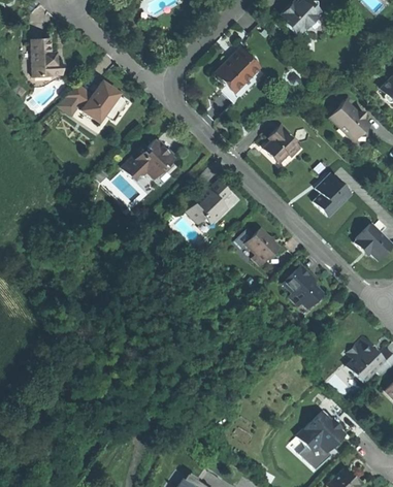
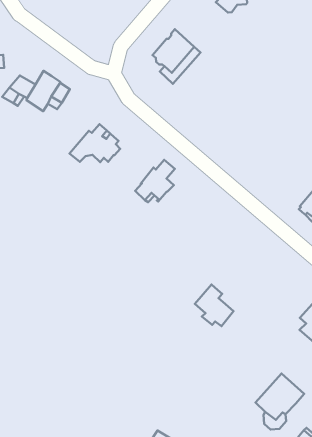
building: [329,100,366,136] -> none
building: [264,124,300,162] -> none
building: [314,173,351,216] -> none
building: [247,228,279,264] -> none
building: [284,264,323,307] -> [195,285,233,326]

